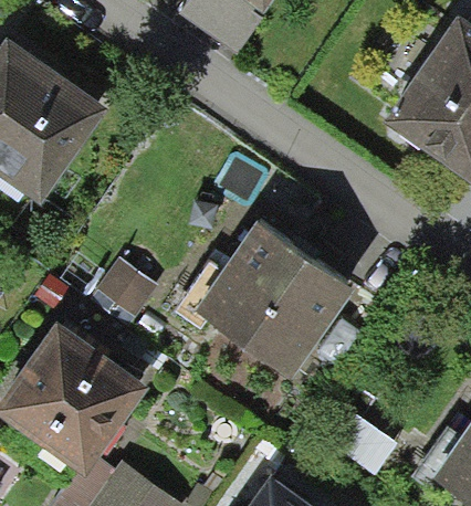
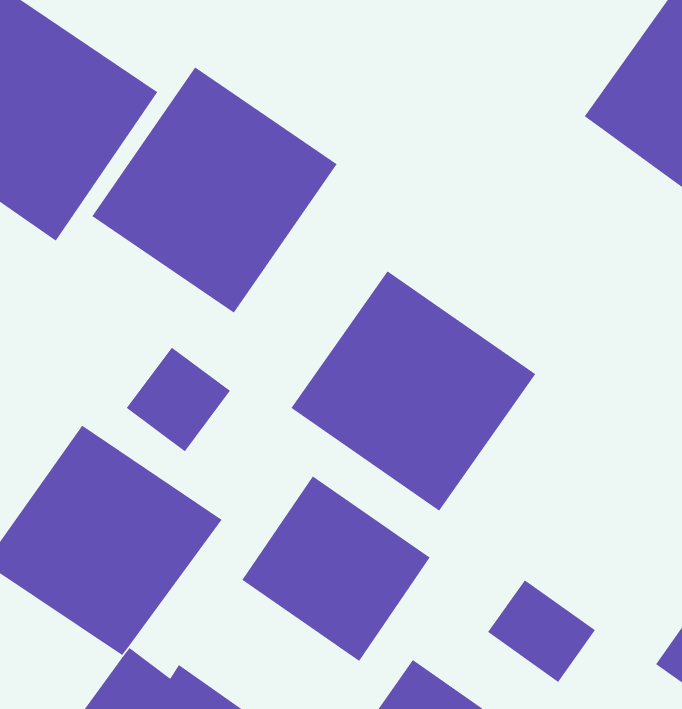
building: none -> [91,67,338,314]
building: none -> [241,475,431,662]

